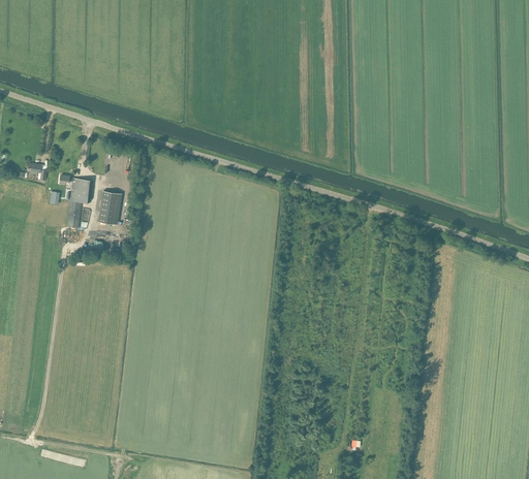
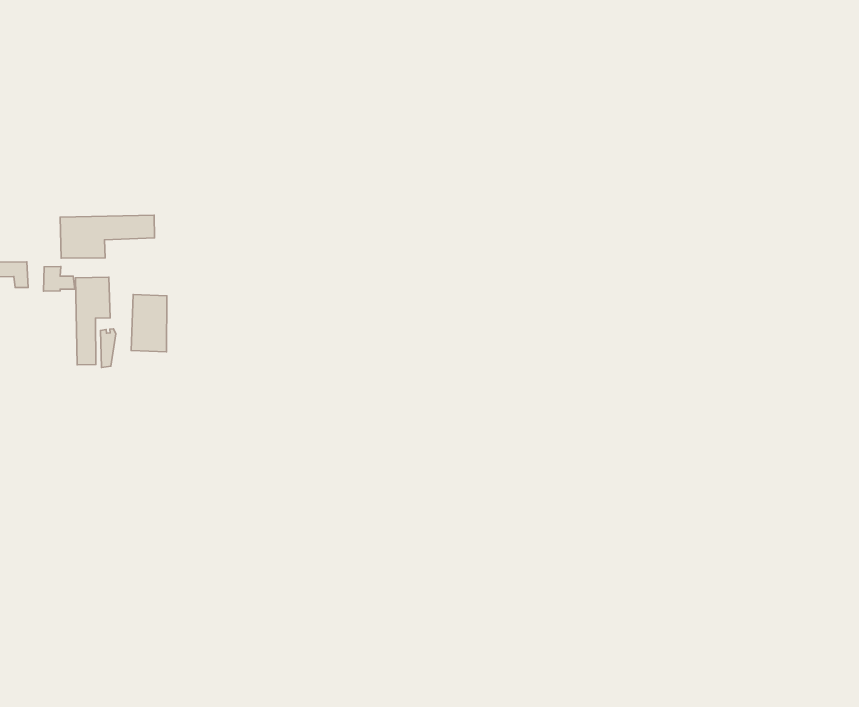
building: none -> [60,215,154,258]

